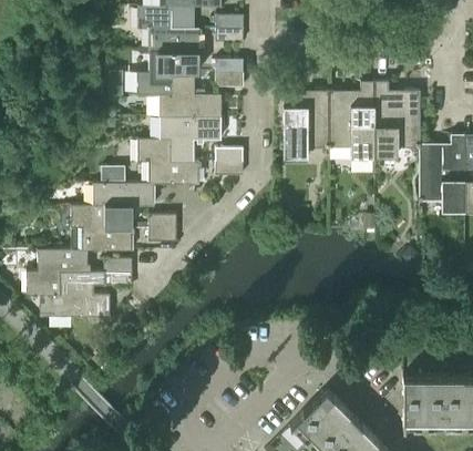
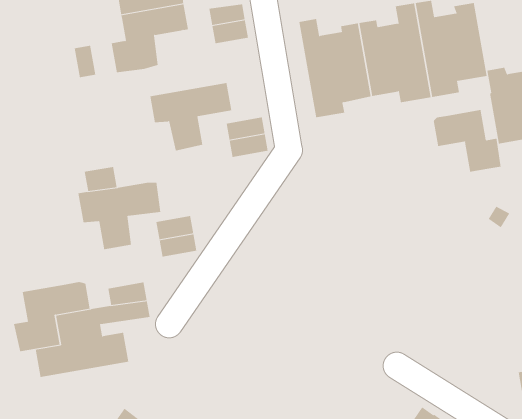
building: [161,72,222,117] -> none
building: [138,139,199,184] -> none
building: none -> [433,109,501,173]
building: [72,205,132,252] -> none

